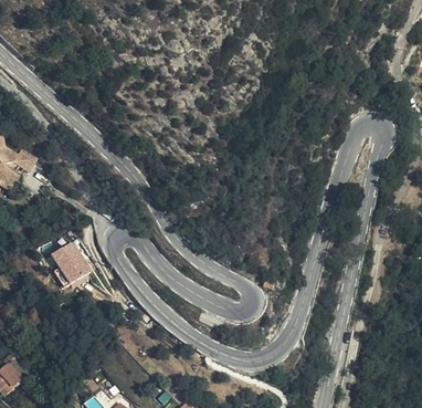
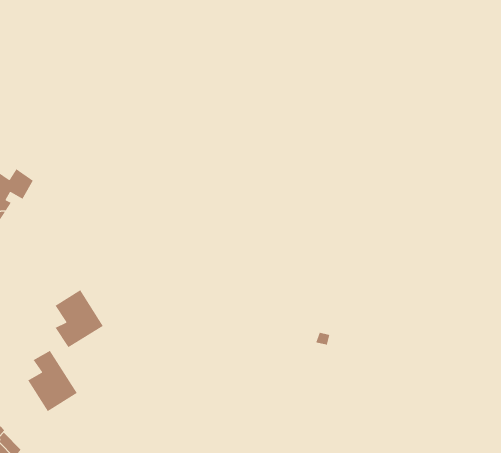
building: none -> [27,350,78,412]

